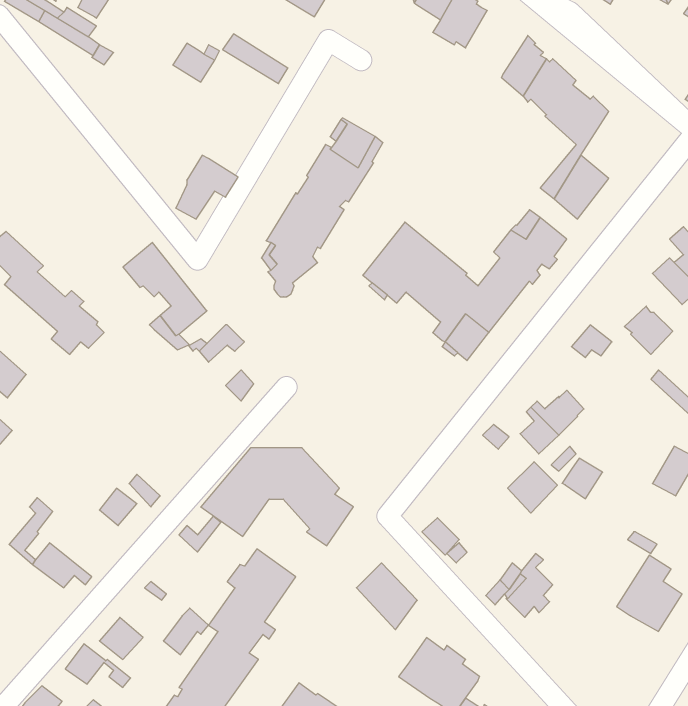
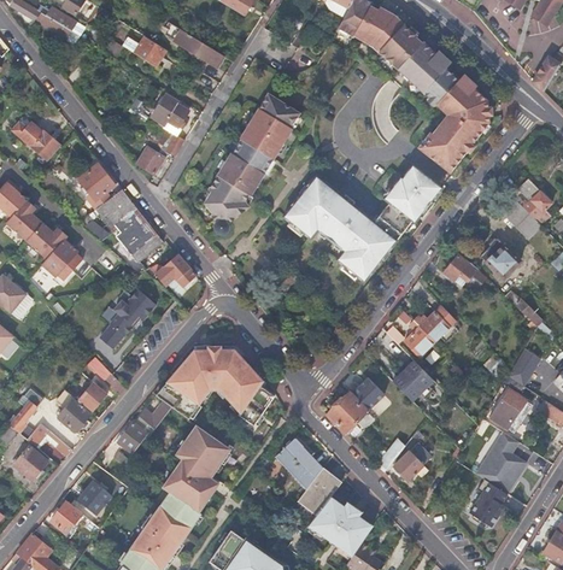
building: none -> [362,10,410,60]
building: none -> [451,89,488,141]
building: none -> [152,94,188,127]
building: none -> [12,123,60,160]
building: none -> [77,164,117,200]
building: none -> [99,289,157,347]
building: [562,458,603,499] -> [495,387,527,418]
building: none -> [340,381,381,421]
building: none -> [58,388,90,431]
building: none -> [13,446,48,480]
building: none -> [299,468,342,517]
building: [163,608,209,655] -> [119,418,154,454]
building: none -> [470,480,511,524]

